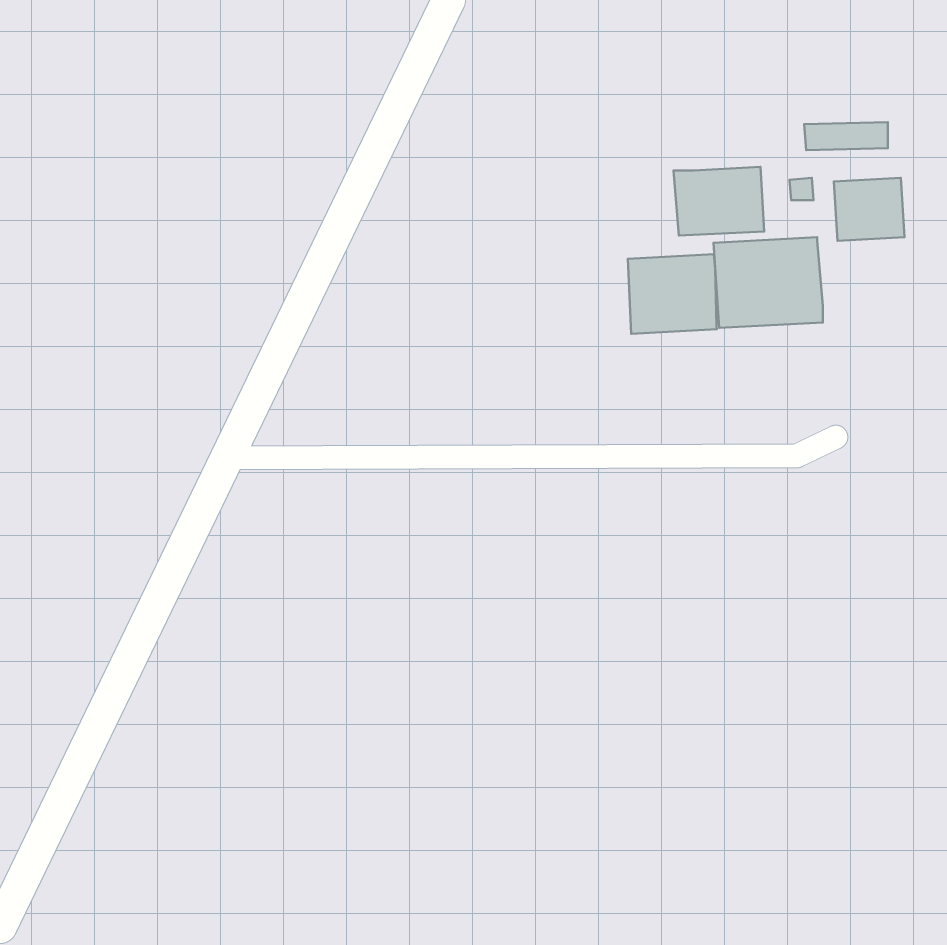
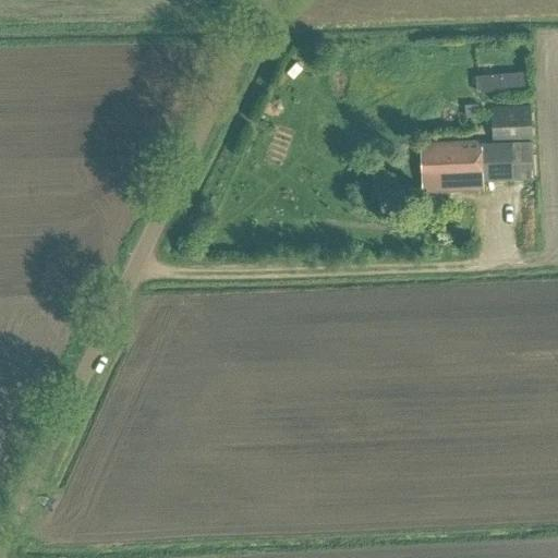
building: [673,167,764,235] -> [481,141,534,181]
building: [628,254,717,334] -> none

